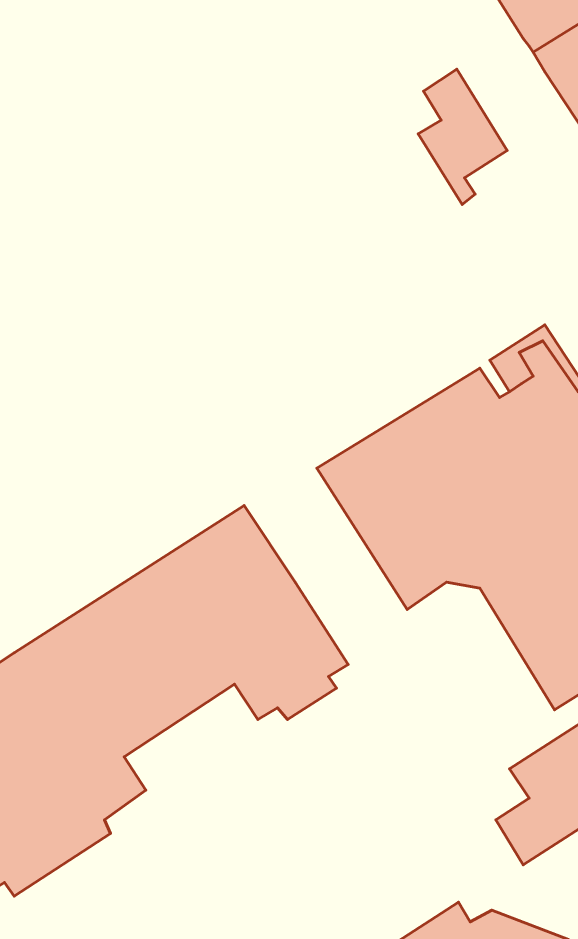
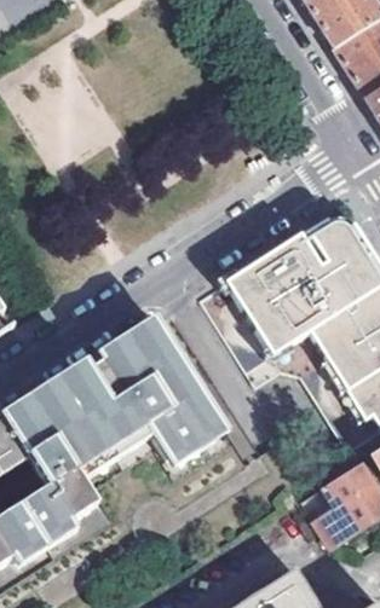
building: [418,69,507,205] -> none

